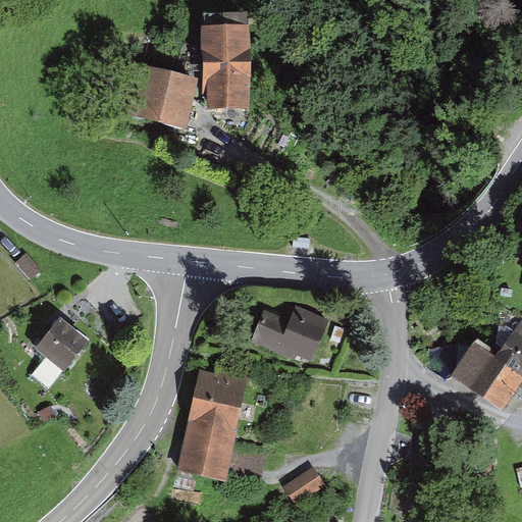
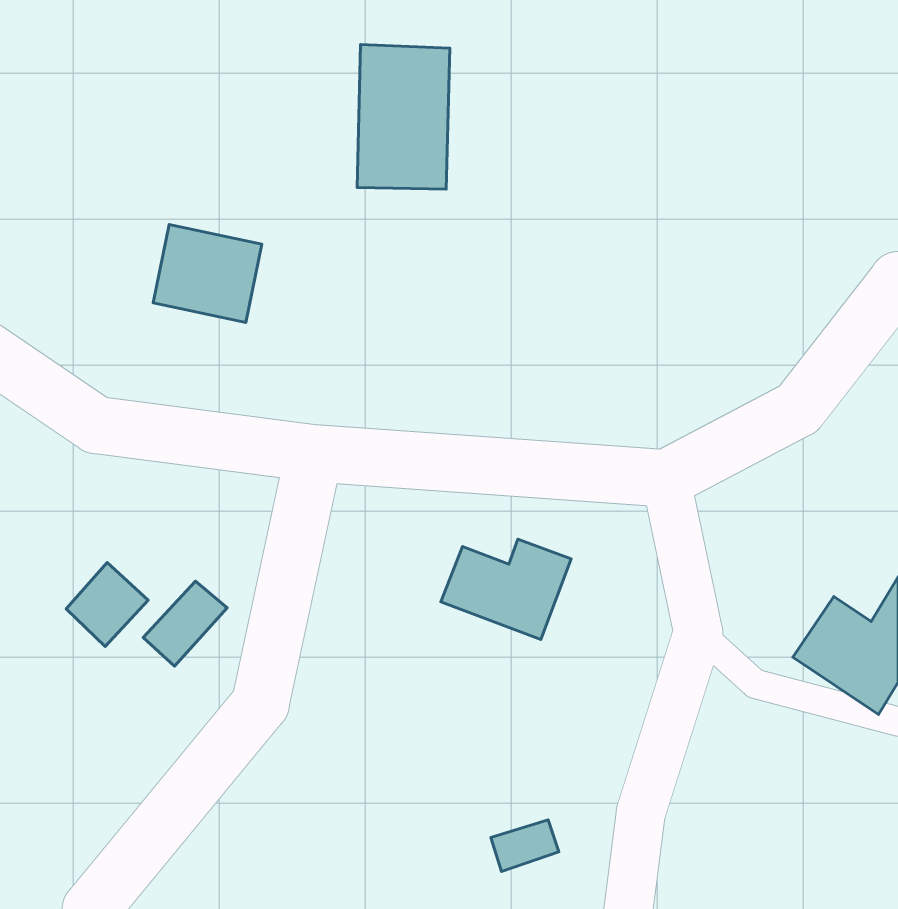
building: [134,68,196,124] -> [153,224,262,323]
building: none -> [143,581,227,666]
building: [176,368,248,477] -> none

